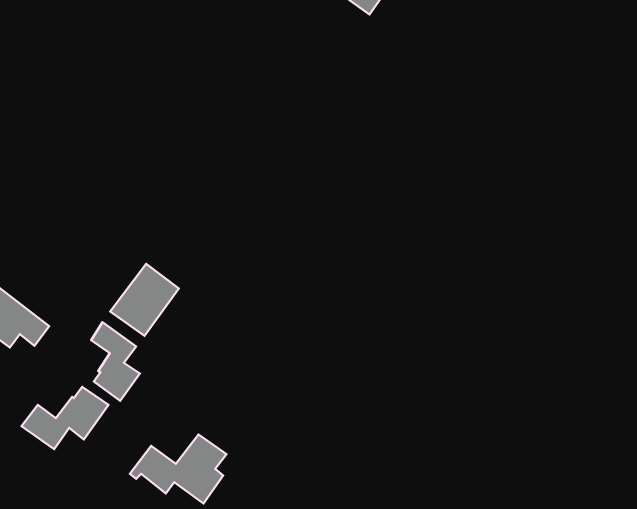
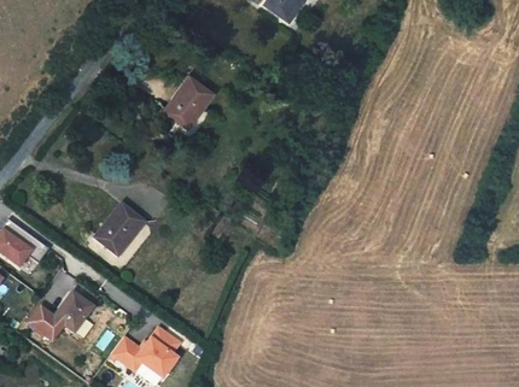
building: none -> [158,71,209,124]
building: [91,322,140,401] -> none

